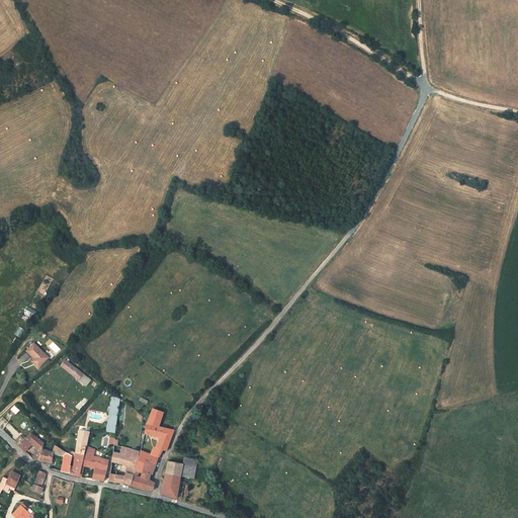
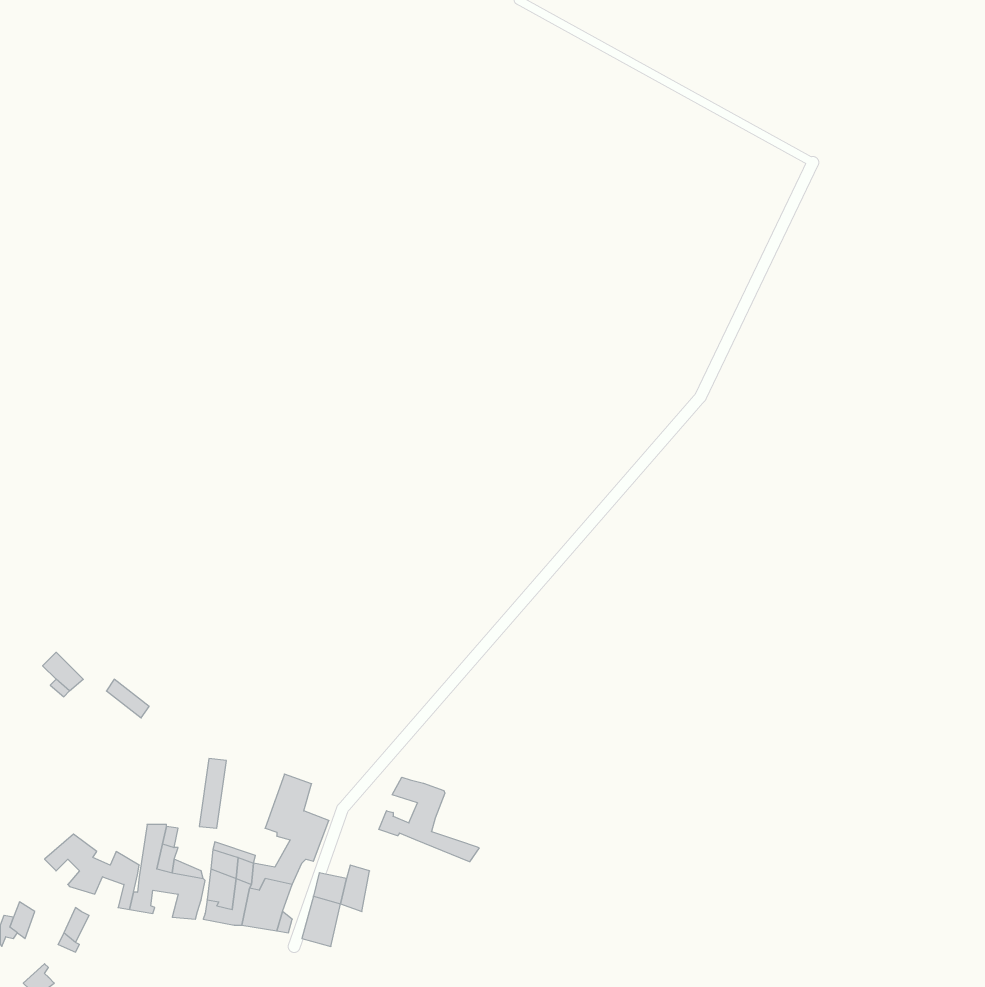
building: none -> [379,777,479,862]

